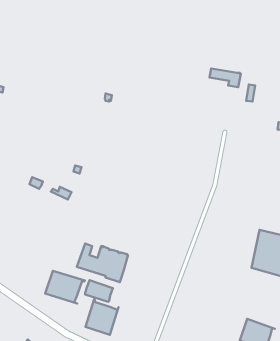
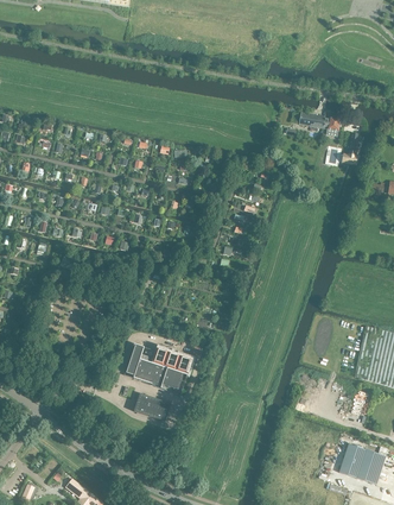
building: [45,271,85,304] -> none
building: [86,299,118,335] -> none

